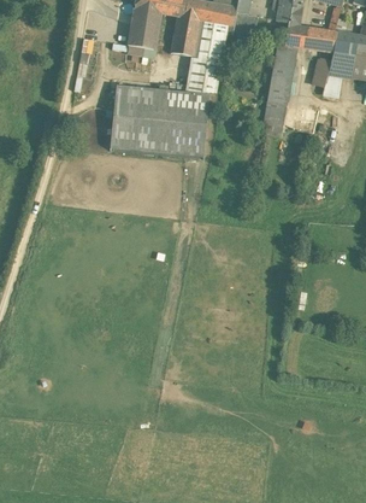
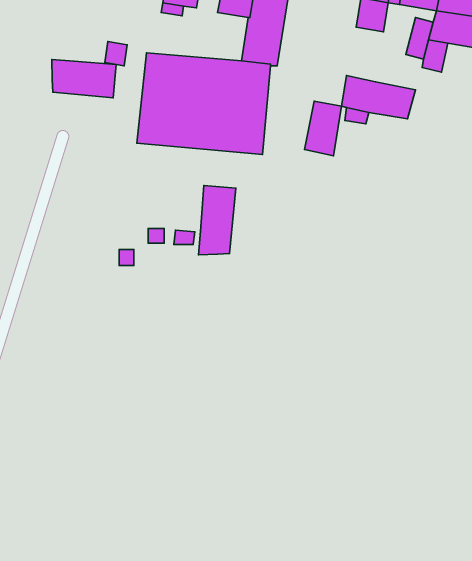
building: [266,63,294,104] -> [304,101,342,156]
building: none -> [52,59,116,98]
building: none -> [198,185,236,255]

